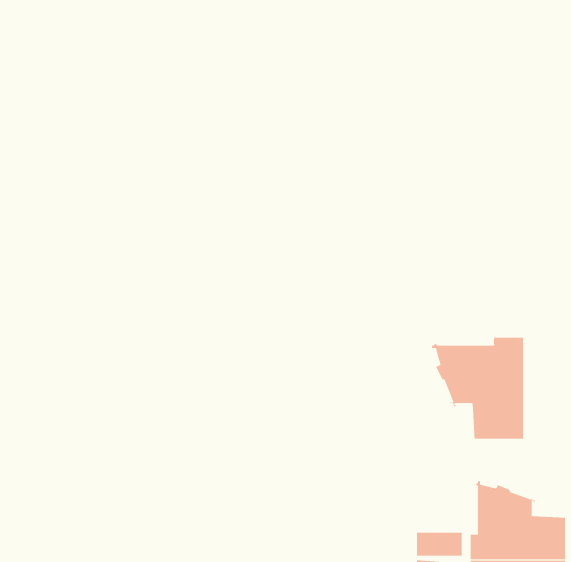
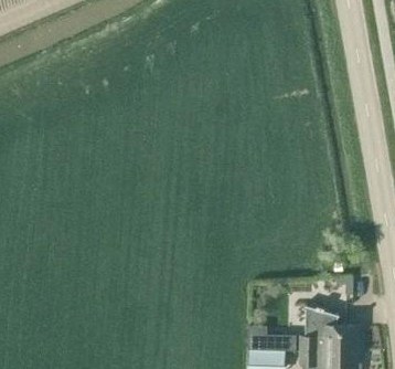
building: [431,337,524,439] -> none

